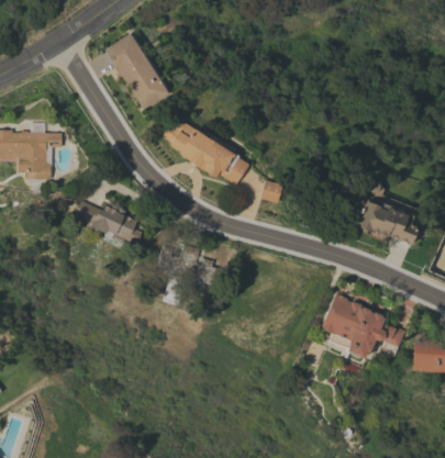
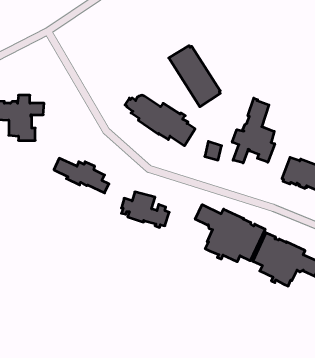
building: [105,33,169,109] -> [169,46,220,107]
building: none -> [232,98,275,163]
building: none -> [195,205,265,262]

